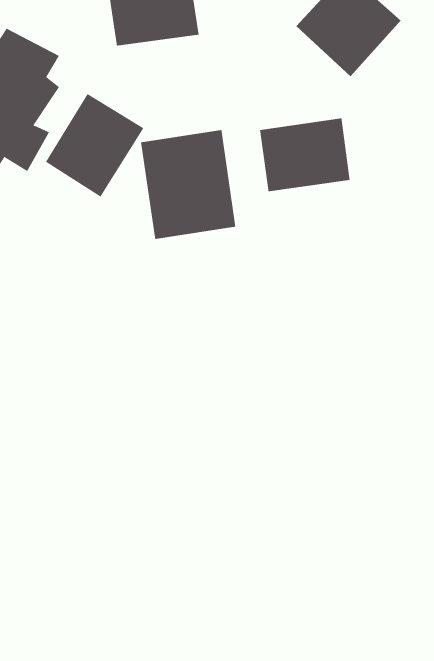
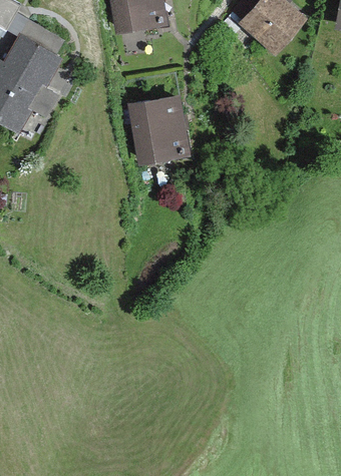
building: [45,93,144,197] -> none
building: [260,118,350,192] -> none

